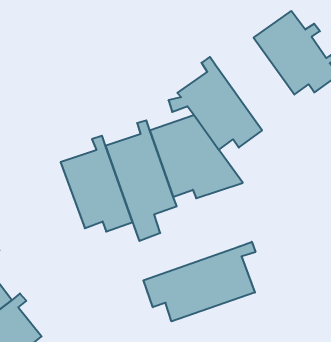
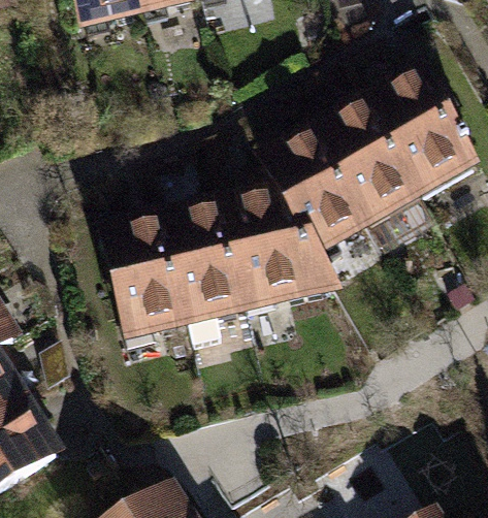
building: none -> [316,94,419,215]
building: [143,242,255,321] -> none

